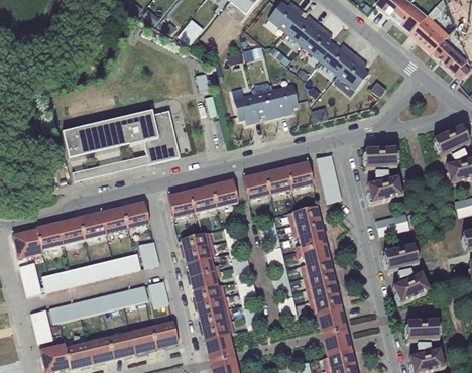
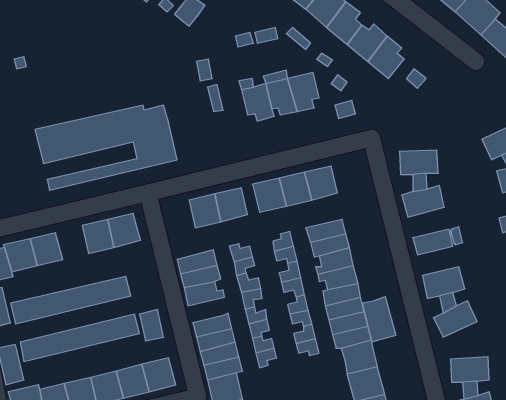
building: [317,154,342,203] -> none
building: [168,190,196,217] -> none
building: [80,211,107,239] -> none
building: [139,241,159,267] -> none
building: none -> [362,297,396,342]
building: [190,270,221,291] -> none

